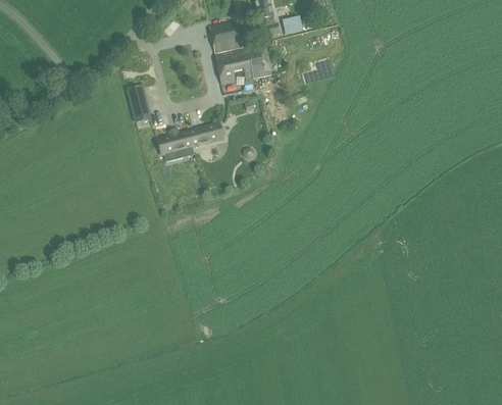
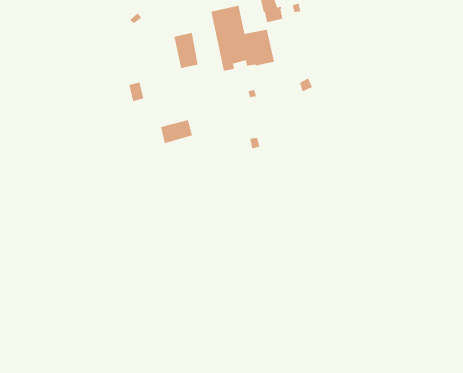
building: none -> [174,32,198,69]
building: [189,124,221,147] -> none

